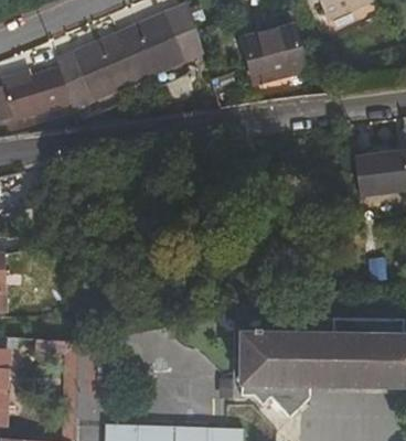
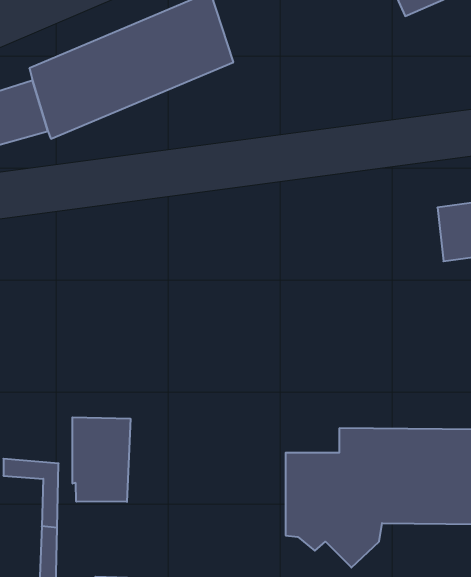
building: [243,24,306,83] -> none
building: none -> [72,417,130,502]

